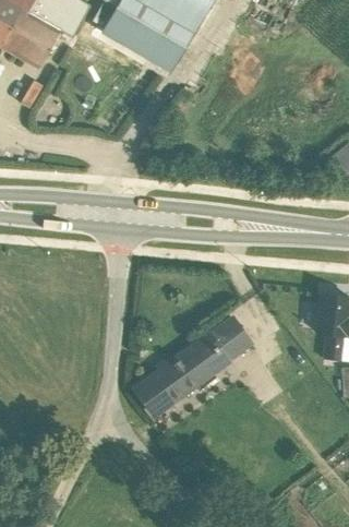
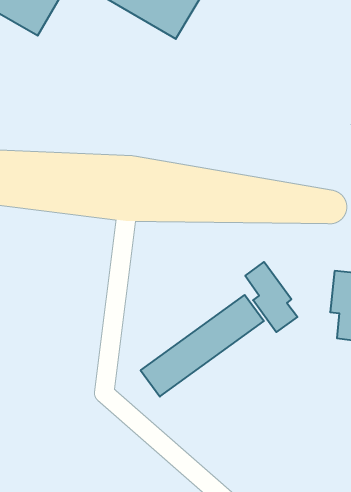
building: none -> [245,262,297,332]

